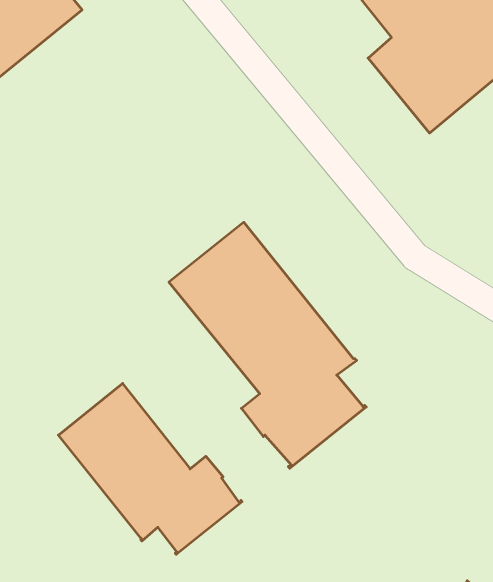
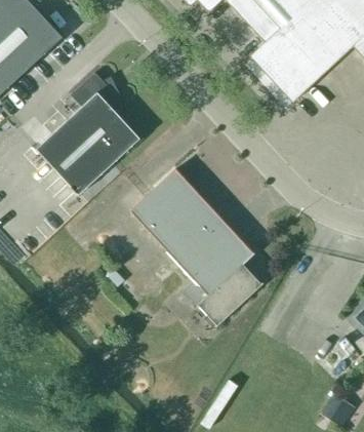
building: none -> [37,72,140,194]
building: [58,383,242,554] -> none

